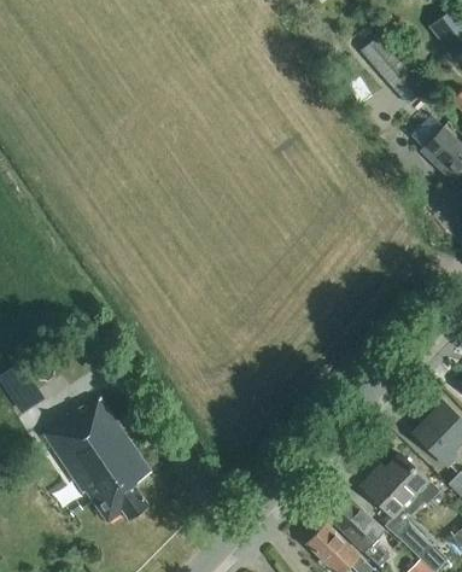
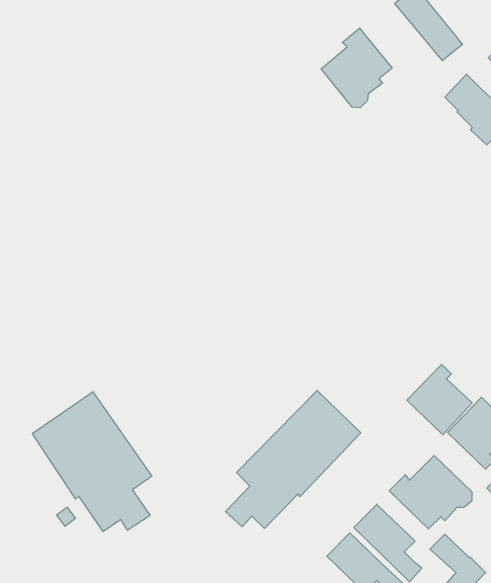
building: none -> [321,28,392,108]
building: none -> [407,364,472,435]
building: none -> [225,390,361,528]

